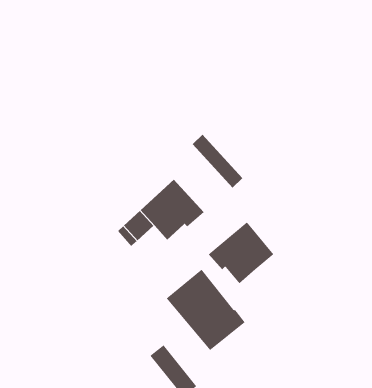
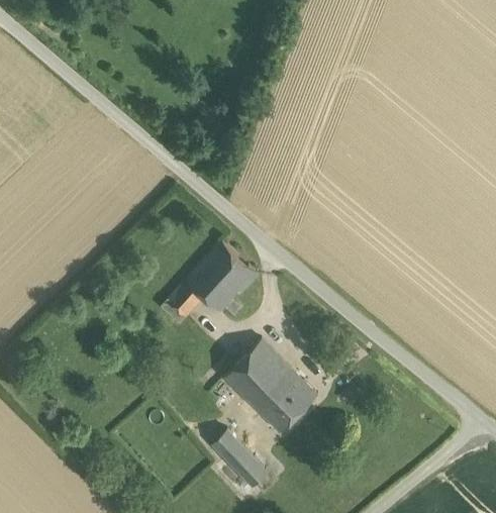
building: [192,134,243,189] -> none
building: [208,222,274,284] -> none

